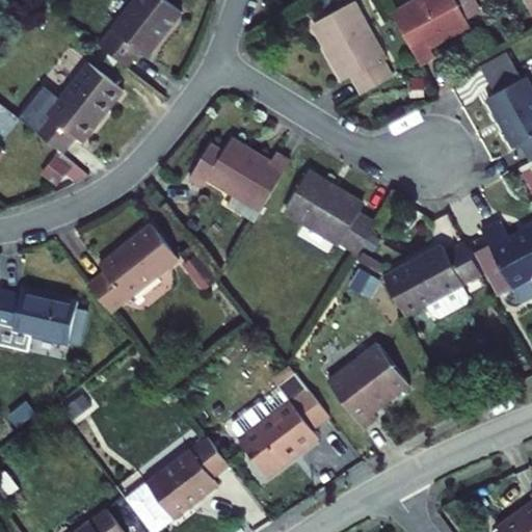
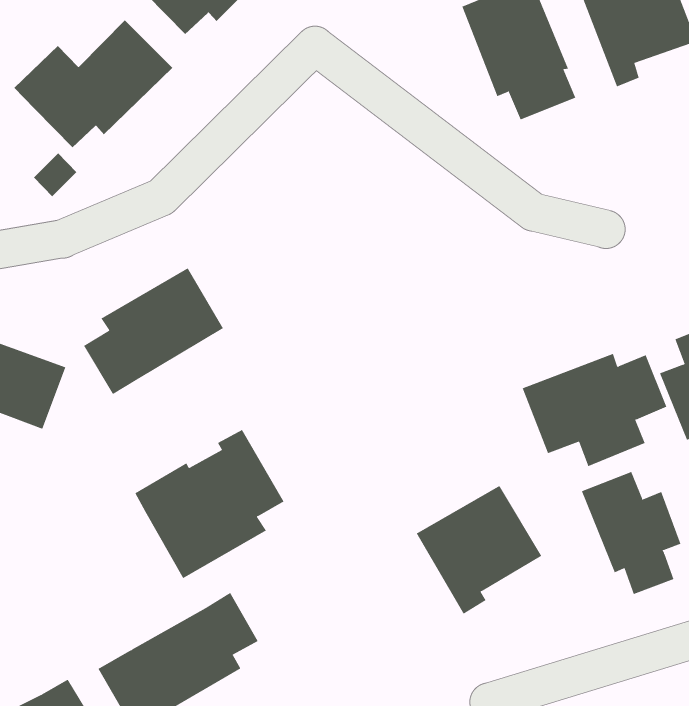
building: [188,136,291,222] -> none
building: [283,168,378,256] -> none
building: none -> [581,471,681,595]
building: [229,374,329,479] -> [135,429,285,579]

